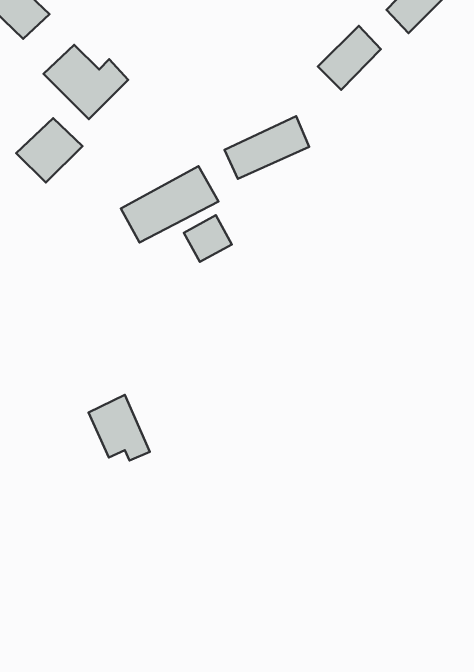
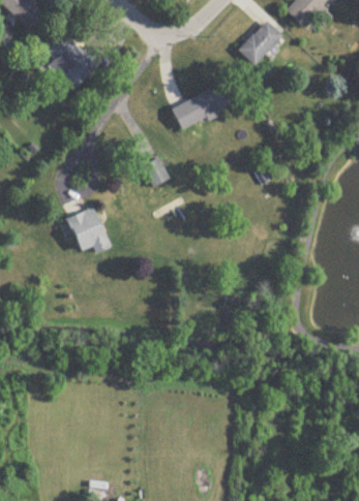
building: [16,118,82,183] -> none
building: [121,166,218,243] -> none
building: [88,395,150,461] -> [67,207,111,253]

